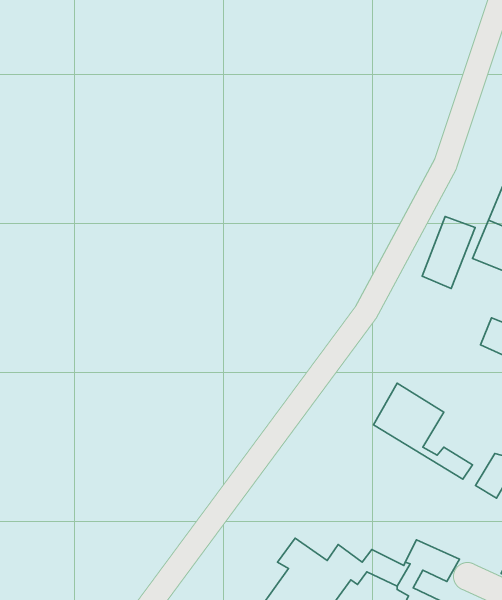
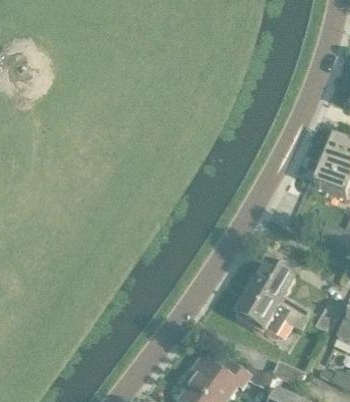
building: [422,217,475,289] -> none
building: none -> [234,285,306,329]

